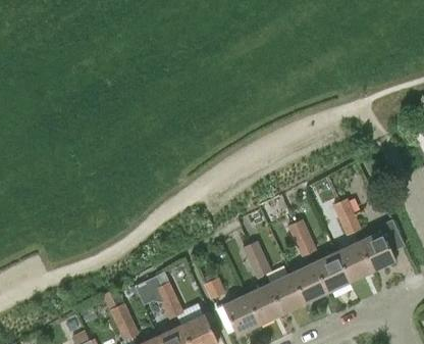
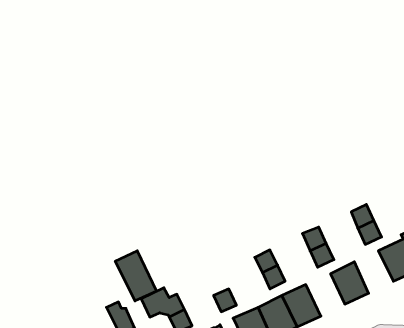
building: none -> [115,251,157,301]
building: [336,242,373,282] -> none
building: [290,263,327,303] -> none

